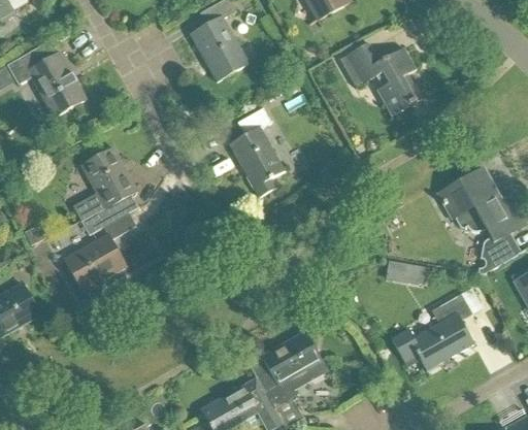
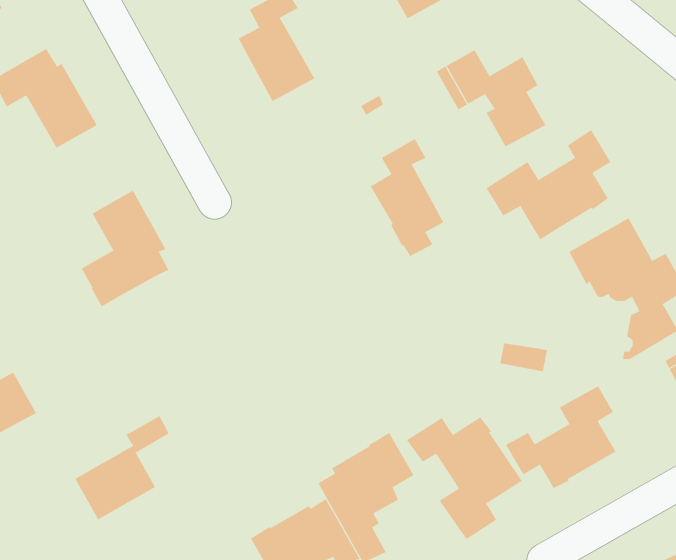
building: none -> [486,129,611,240]
building: [229,108,285,197] -> [370,138,444,257]
building: [65,212,136,291] -> [74,416,169,520]
building: none -> [406,416,523,540]

